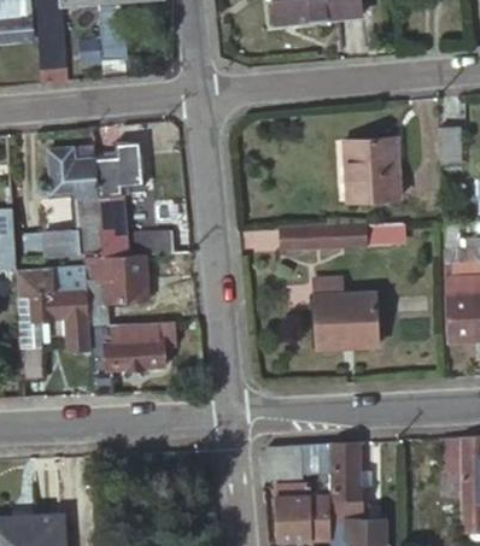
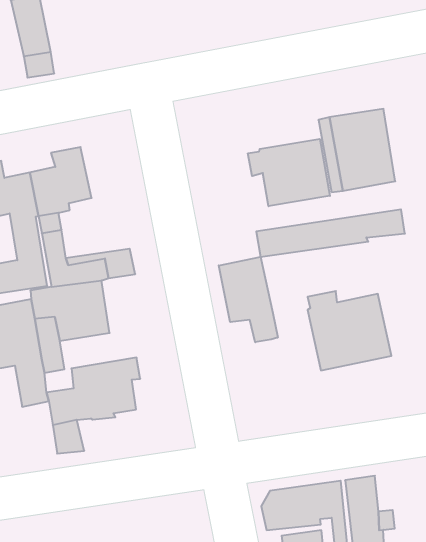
building: none -> [248,139,330,206]
building: none -> [219,257,278,342]

